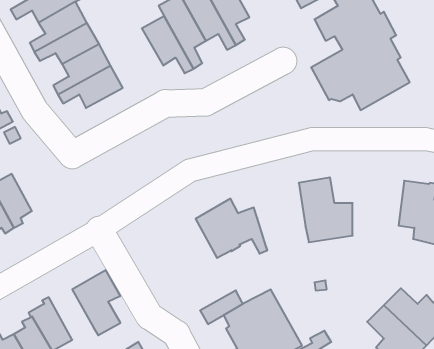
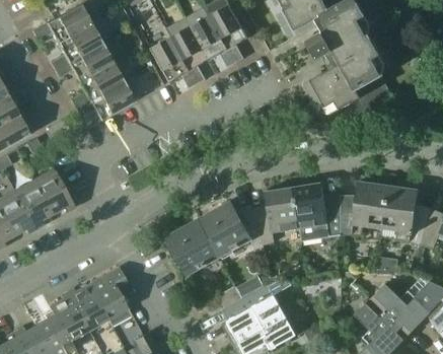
building: none -> [33,168,75,213]
building: none -> [342,181,388,235]
building: none -> [255,188,299,245]
building: none -> [167,220,219,273]
building: none -> [67,284,107,330]

